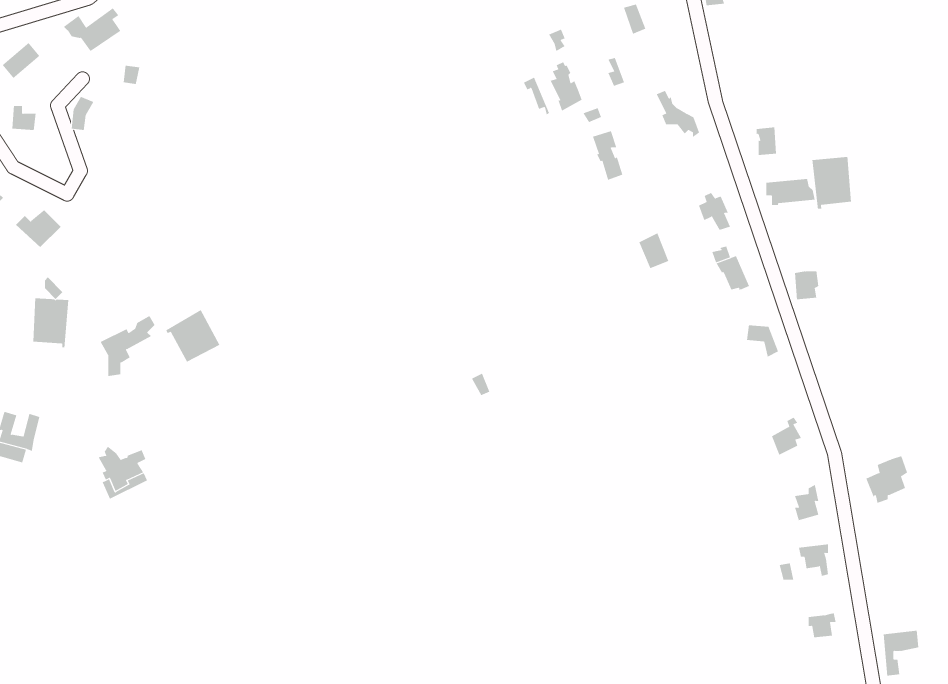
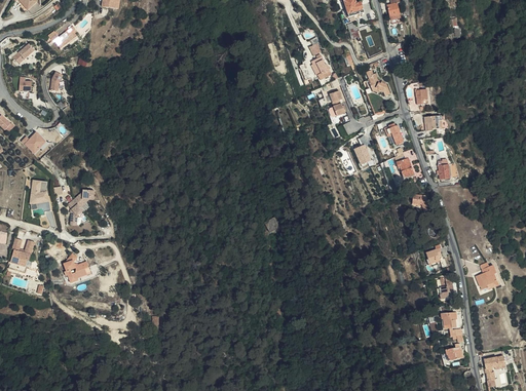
building: [812,156,852,209] -> none
building: [165,309,220,362] -> none

